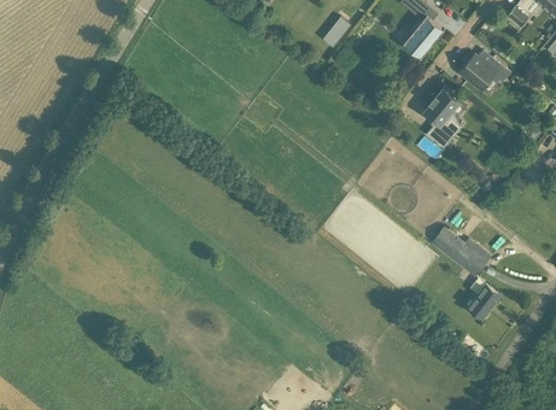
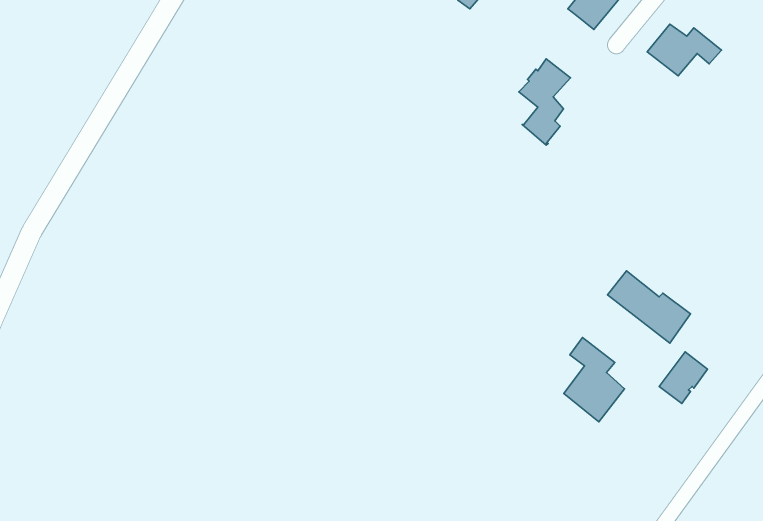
building: [423,88,460,148] -> [519,59,570,145]
building: none -> [564,337,624,422]

